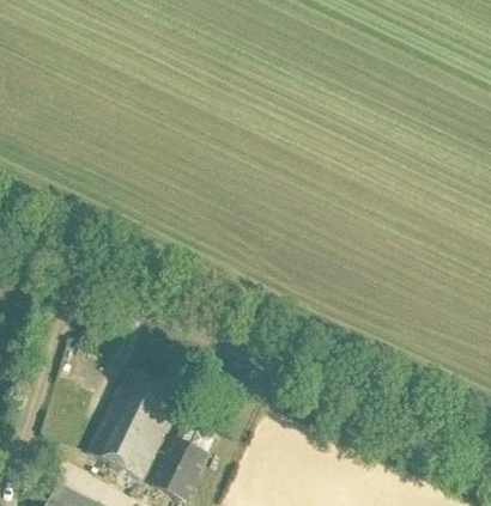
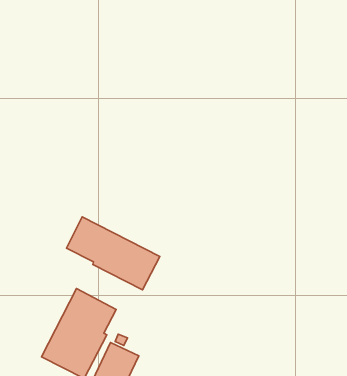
building: none -> [67,217,160,290]

